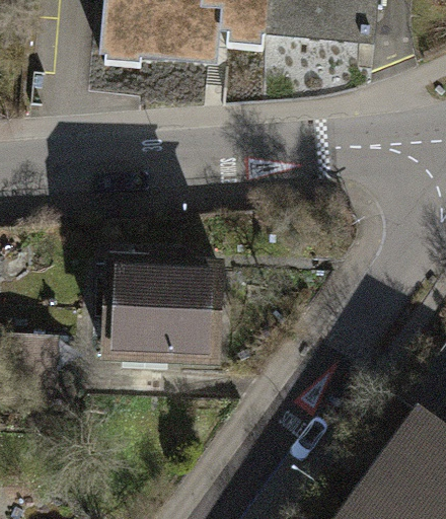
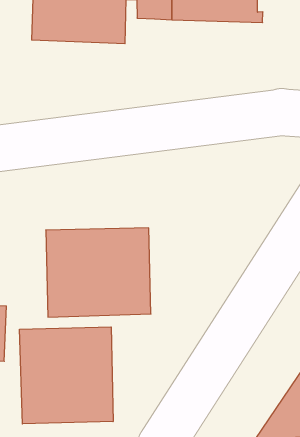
building: none -> [20,327,113,424]

